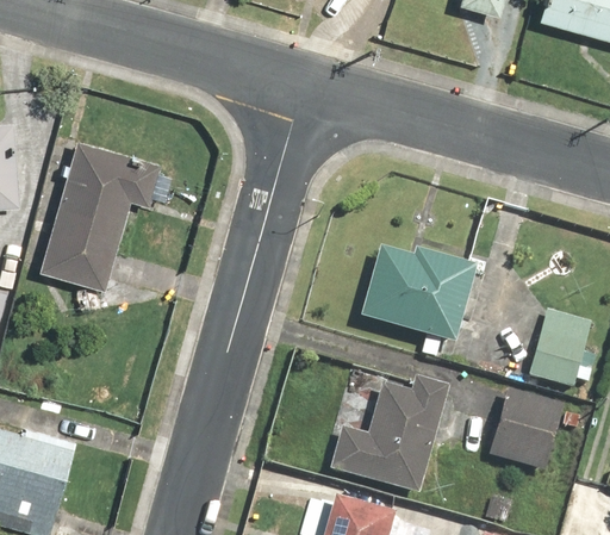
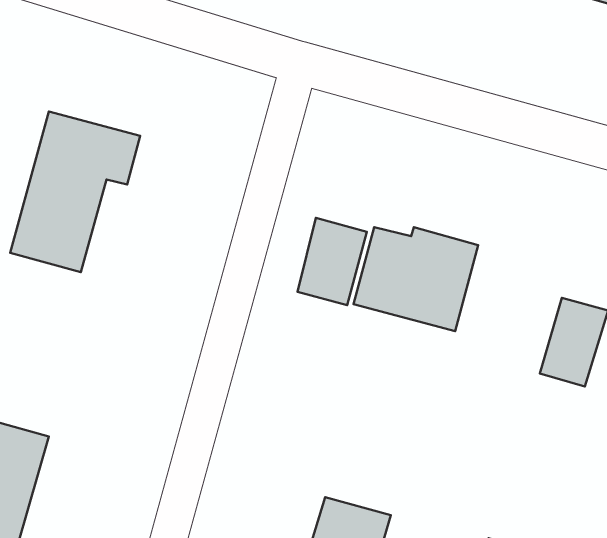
building: none -> [298,218,367,305]
building: [329,377,447,494] -> none
building: [488,393,560,469] -> none

